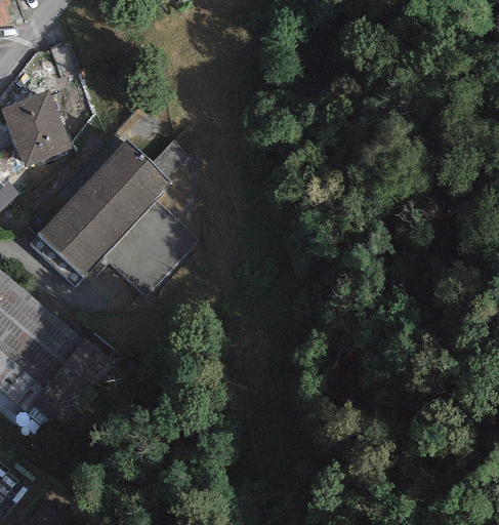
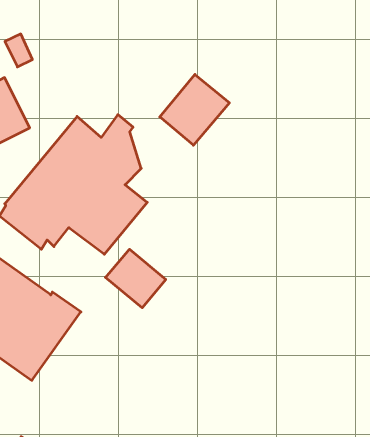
building: none -> [160,74,229,145]
building: none -> [105,249,166,308]

